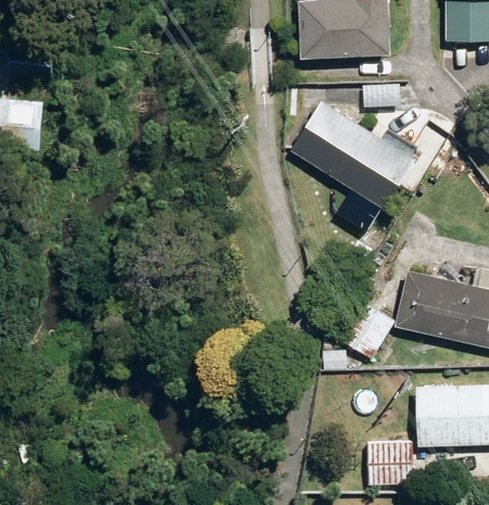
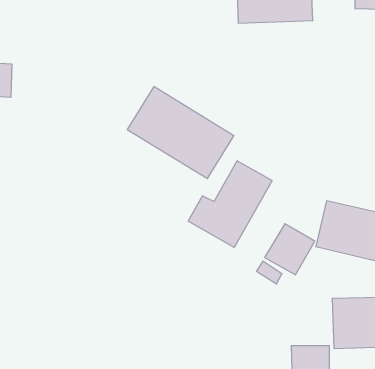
building: [290,100,417,210] -> [127,87,234,179]
building: none -> [188,161,272,248]

